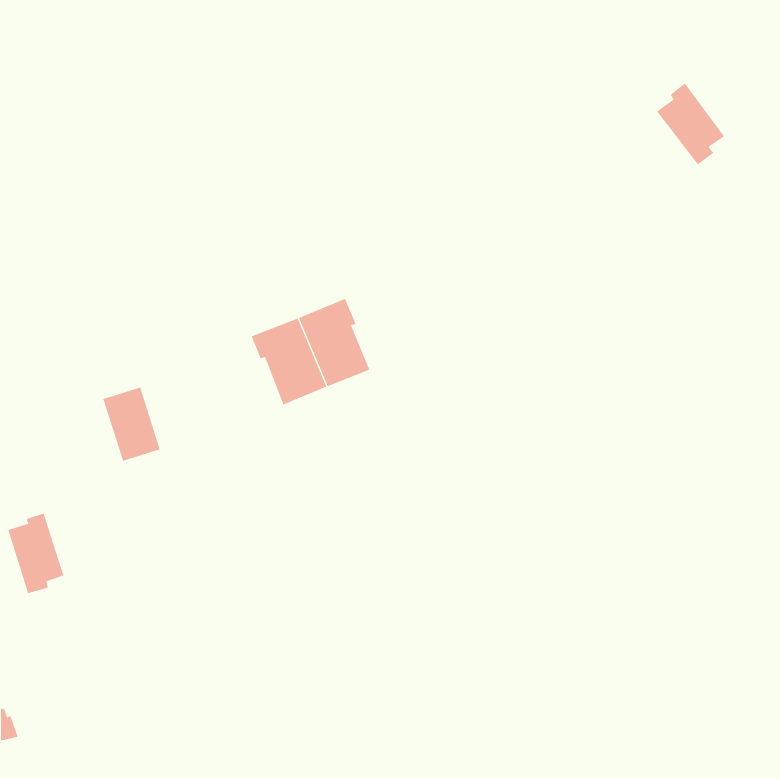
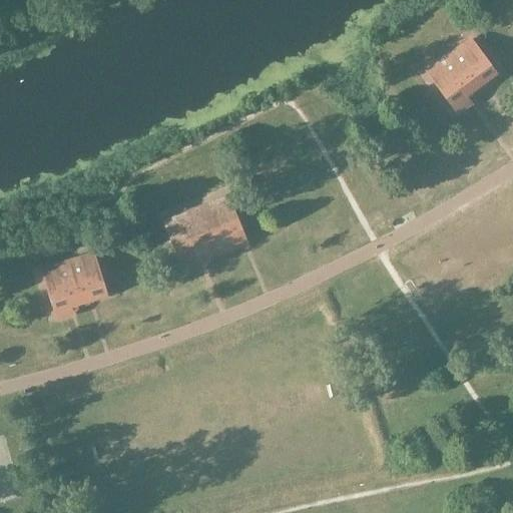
building: none -> [450,39,497,89]
building: [8,513,64,594] -> [44,262,81,315]

